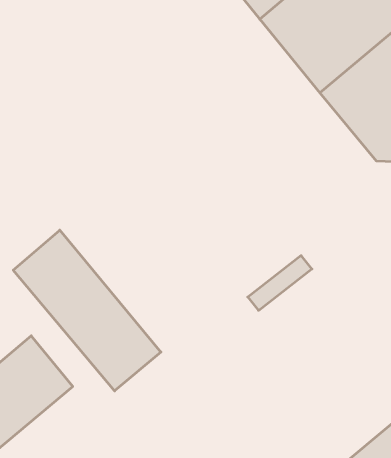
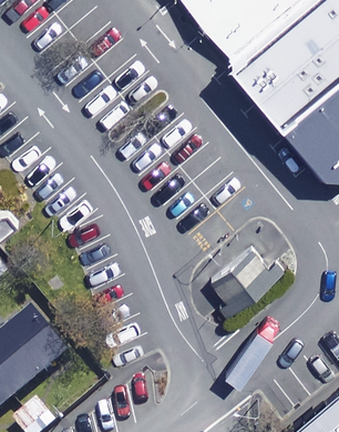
building: [13,230,161,391] -> none

